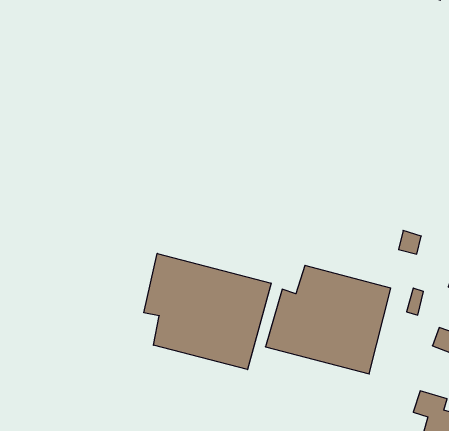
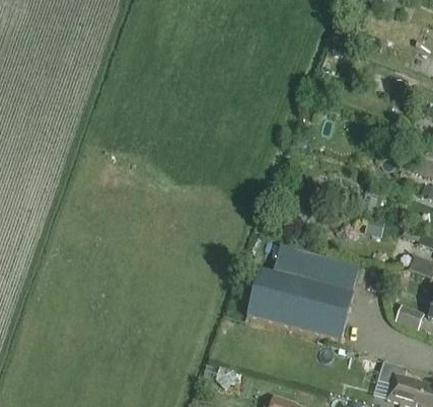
building: [144,253,271,370] -> none

